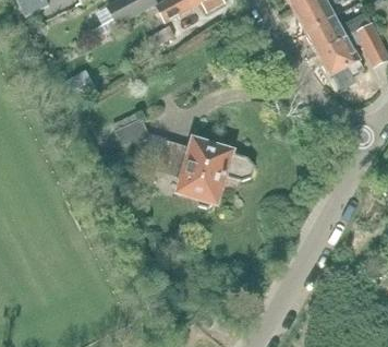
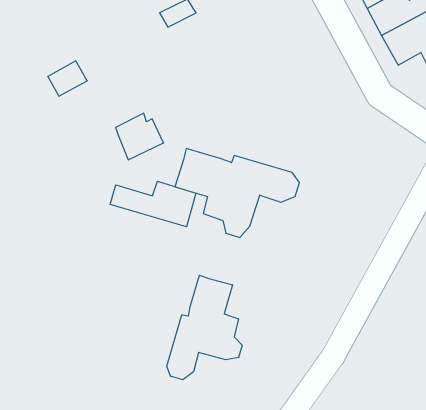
building: none -> [110,181,196,227]
building: none -> [167,275,242,380]

